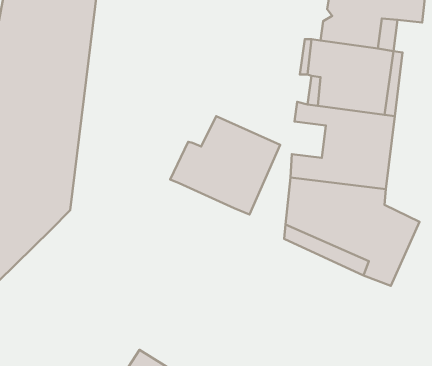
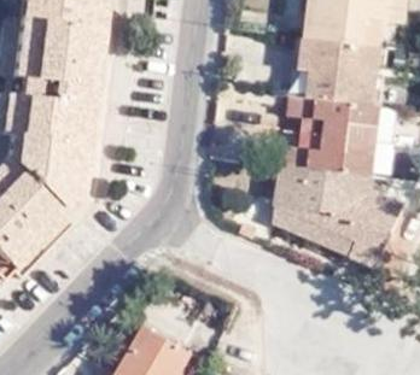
building: [170,116,280,214] -> none

